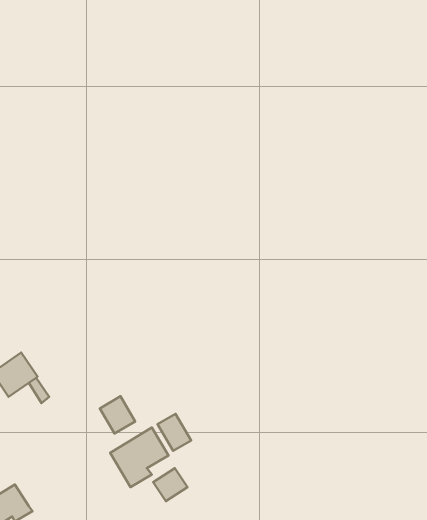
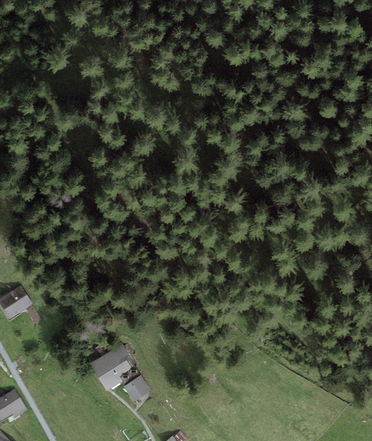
building: [100,396,135,433] -> none
building: [158,414,191,451] -> none

